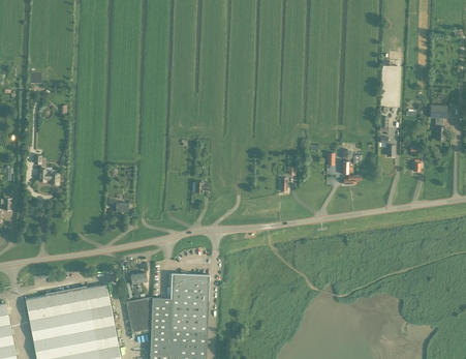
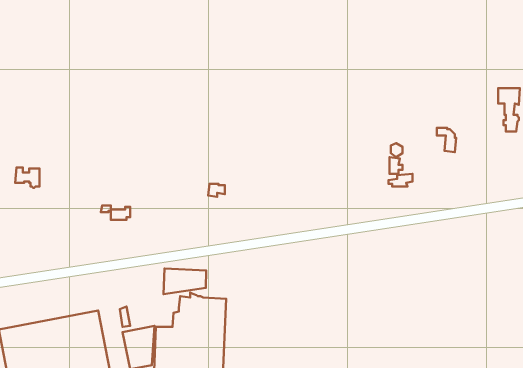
building: none -> [164,269,206,294]

